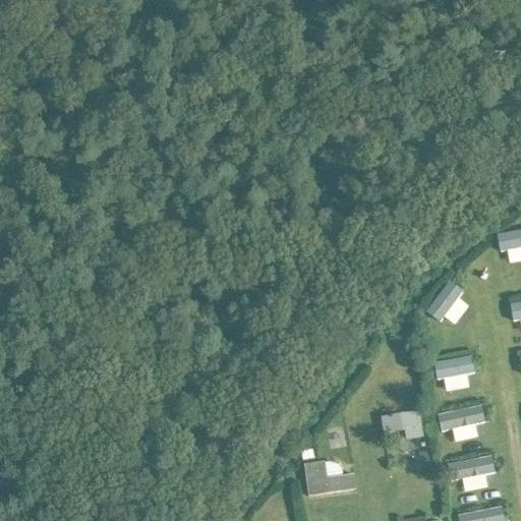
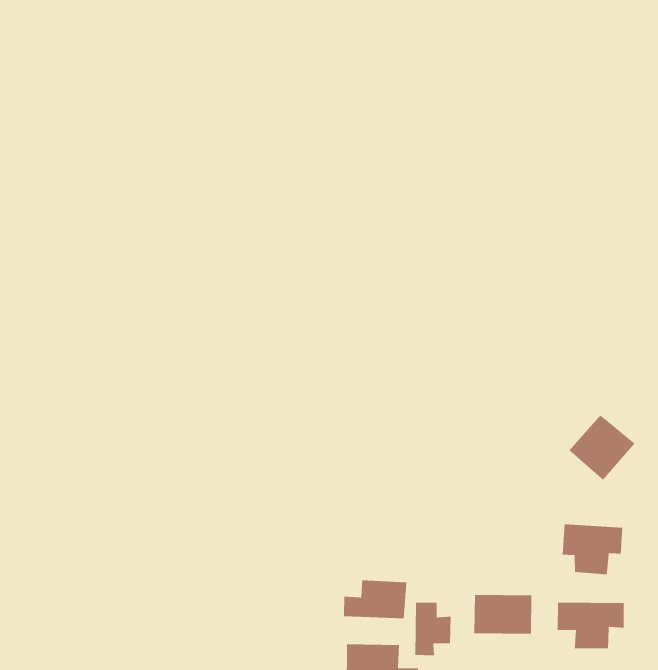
building: none -> [343,579,407,619]
building: none -> [415,602,451,656]

